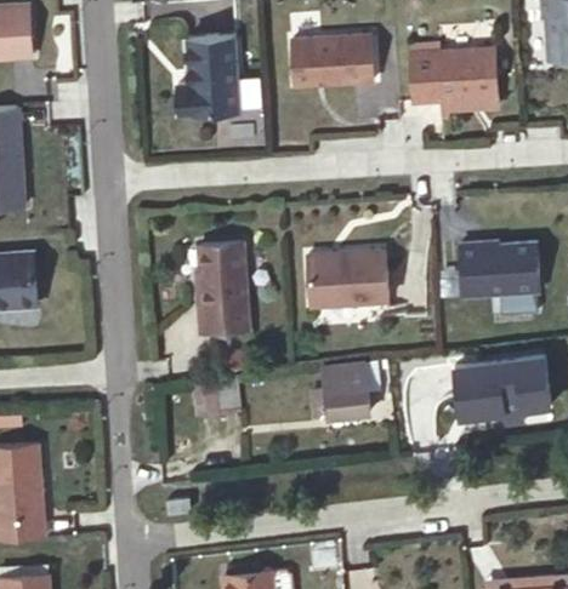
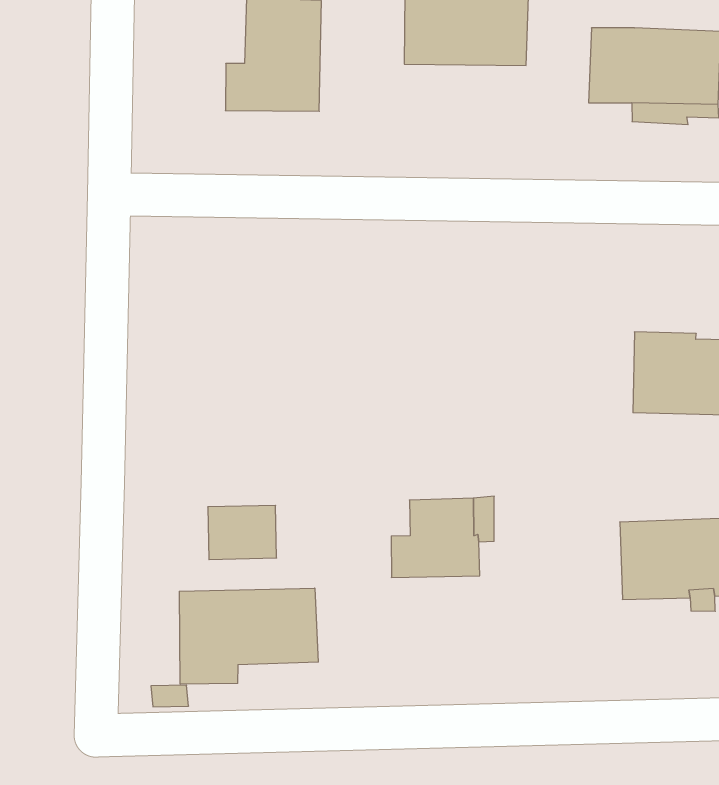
building: [198,245,250,333] -> none
building: [307,251,388,307] -> none
building: none -> [179,588,318,684]

